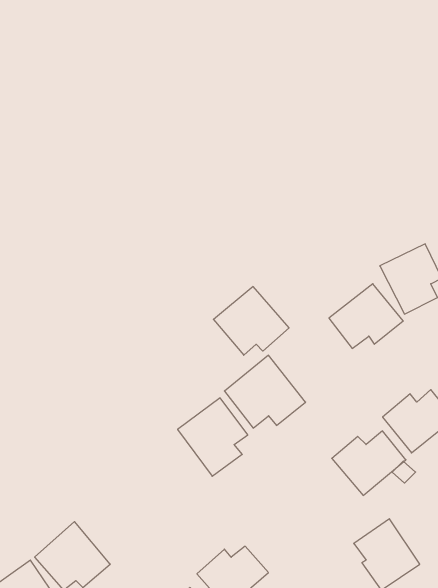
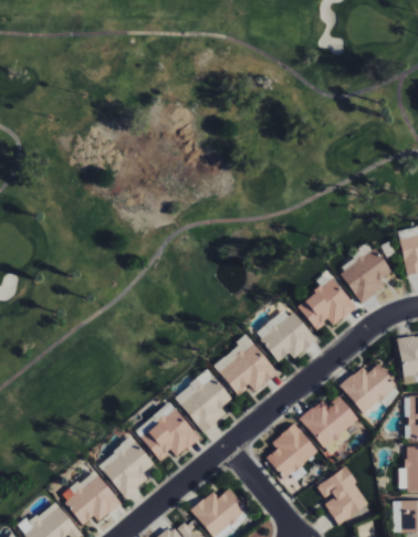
building: [213,287,289,355] -> [255,307,316,362]
building: none -> [136,402,200,461]
building: none -> [267,424,318,482]
building: none -> [98,438,155,498]

